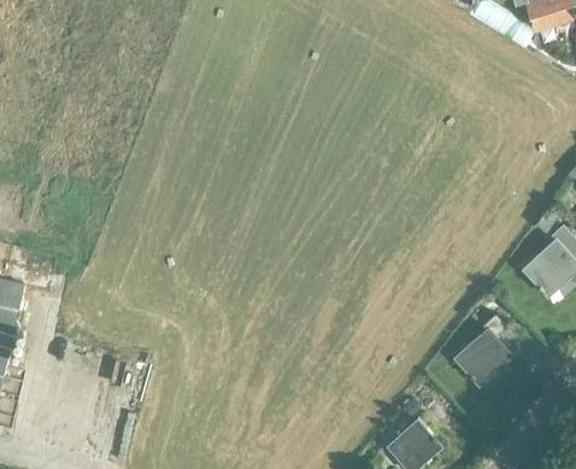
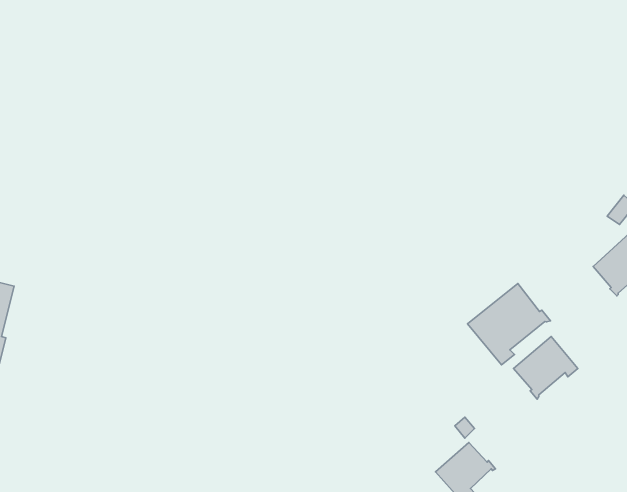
building: none -> [468,284,551,365]

